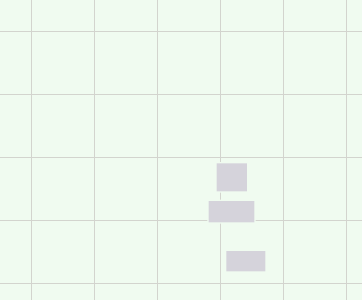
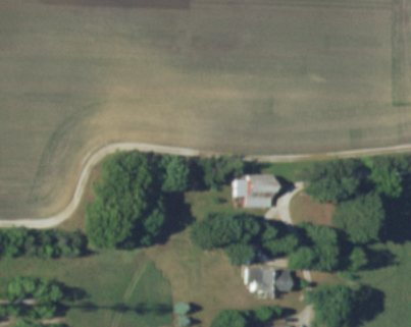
building: [208,200,255,223] -> none

